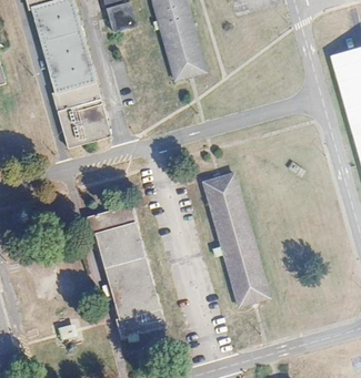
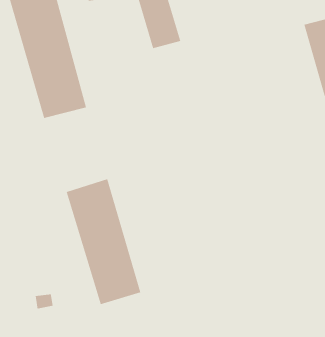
building: [204,176,274,317] -> none

